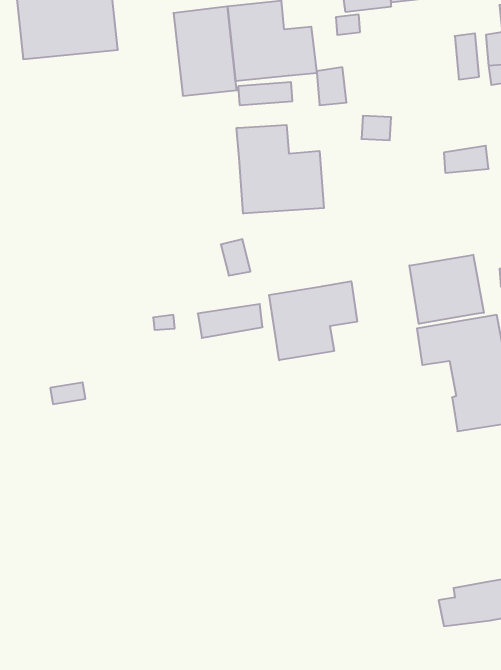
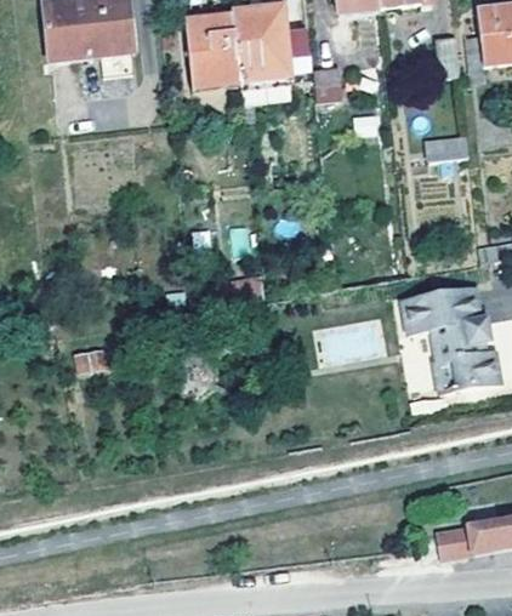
building: [237,125,324,214] -> none
building: [409,255,484,324] -> none
building: [269,281,357,360] -> none

